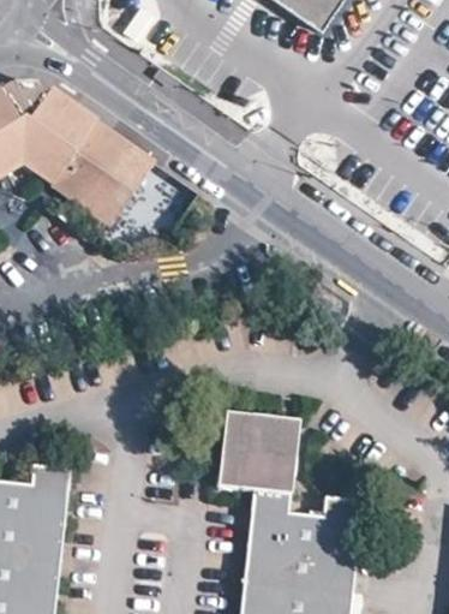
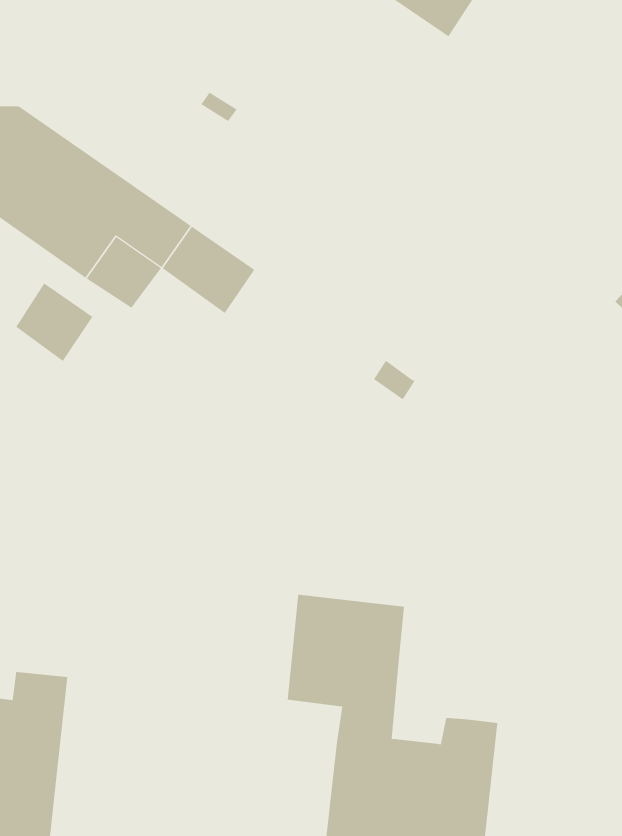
building: none -> [15,283,93,362]

